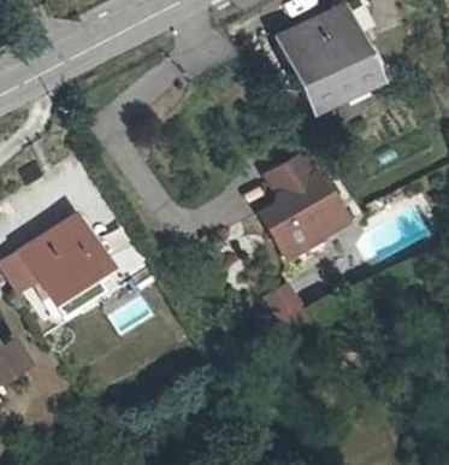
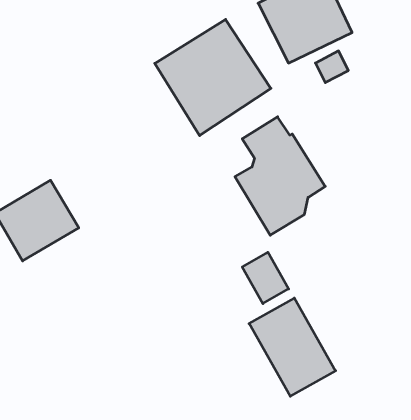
building: none -> [155,19,271,136]
building: none -> [249,298,336,396]

